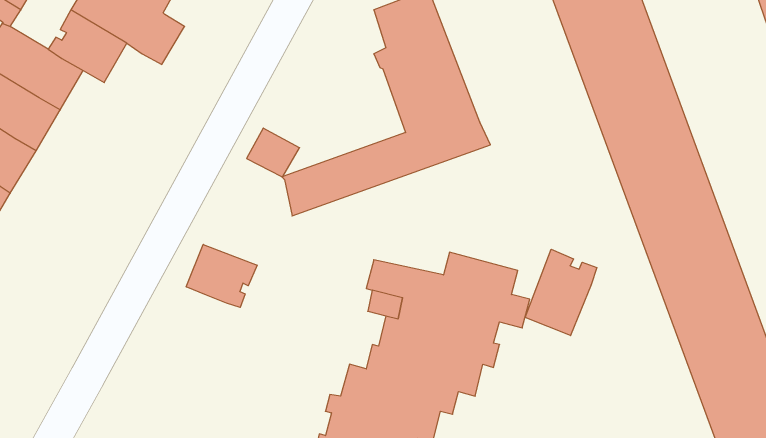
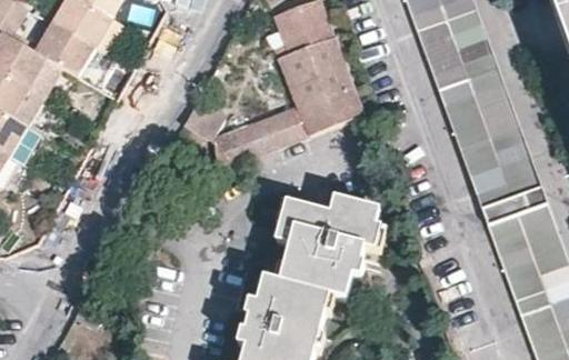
building: [186,244,257,307] -> none
building: [525,249,597,336] -> none

